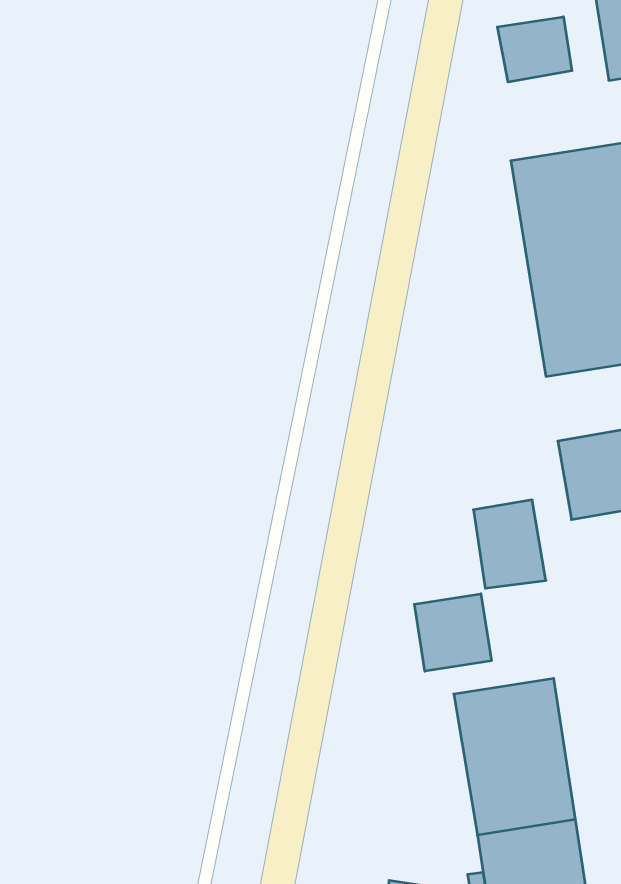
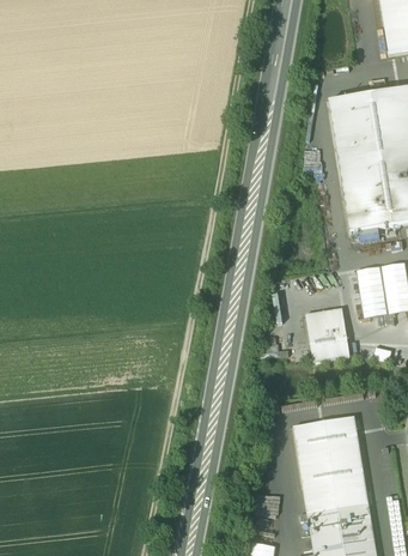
building: [497,17,572,82] -> none
building: [414,594,491,671] -> none

